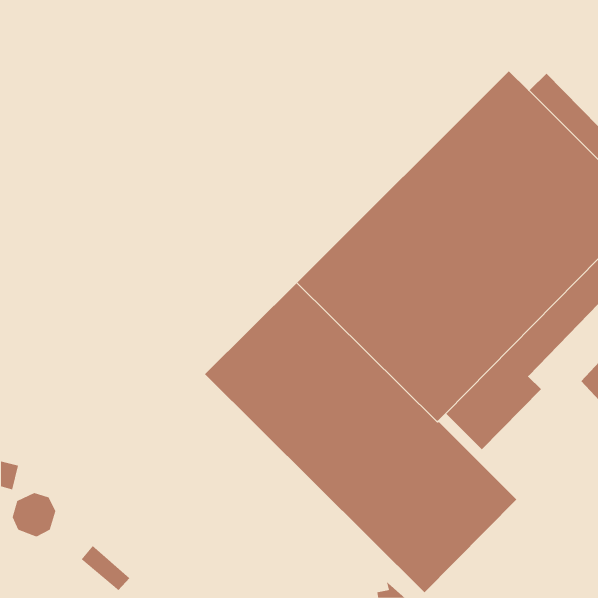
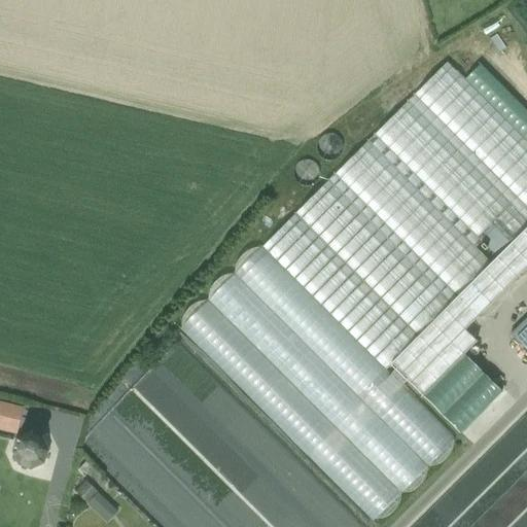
building: none -> [428,358,502,432]

